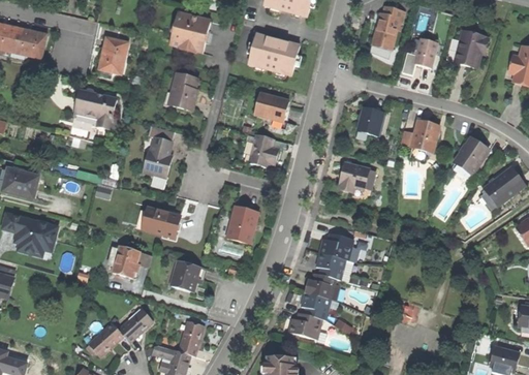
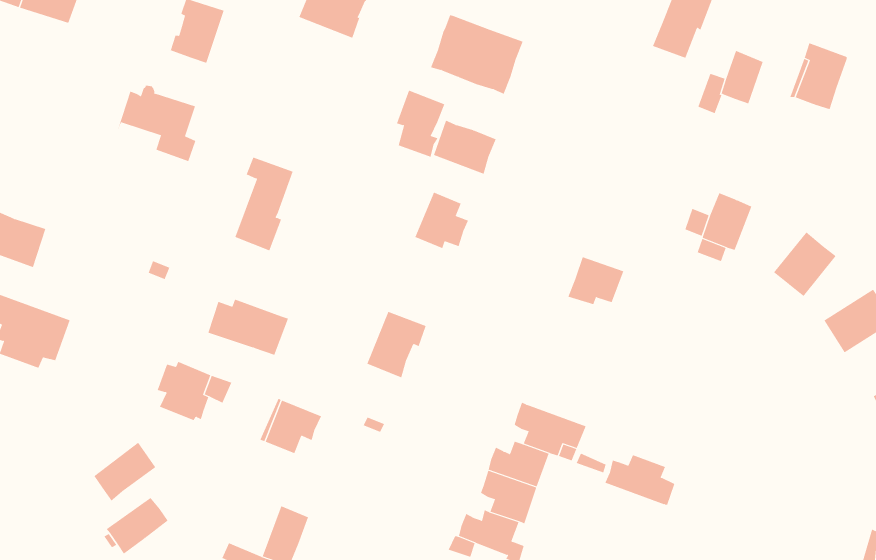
building: [172,71,198,108] -> [396,90,445,158]
building: [356,107,383,136] -> none
building: [320,232,361,259] -> [604,455,675,505]
building: [118,307,153,342] -> [93,442,156,501]

